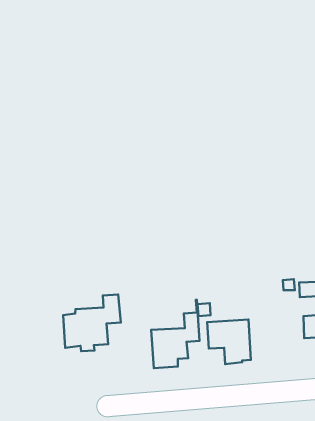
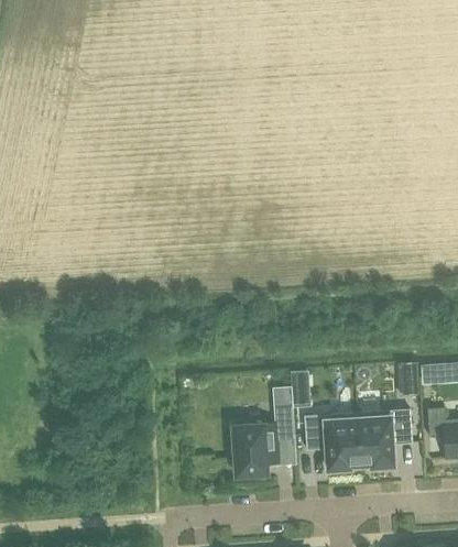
building: [63,294,121,351] -> none
building: none -> [357,411,412,468]

